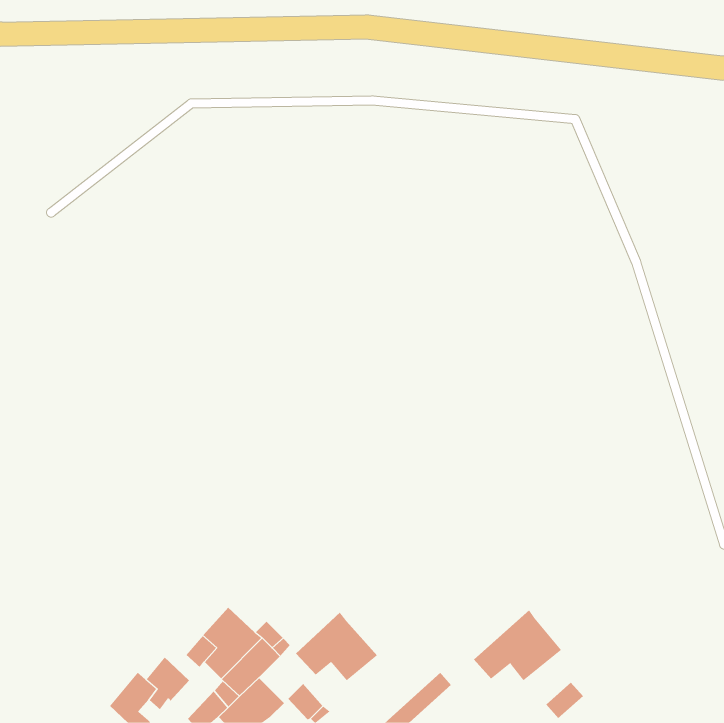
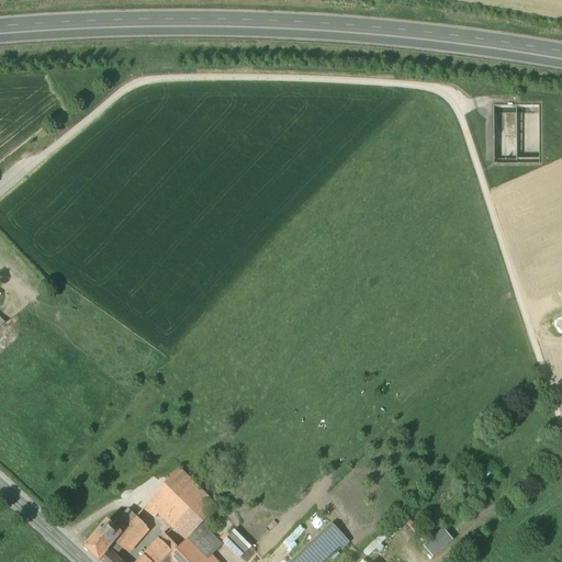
building: [473,610,562,681] -> none
building: [295,612,378,681] -> none

